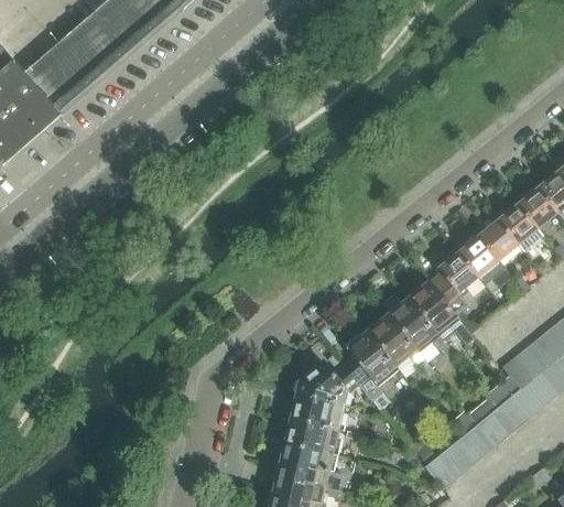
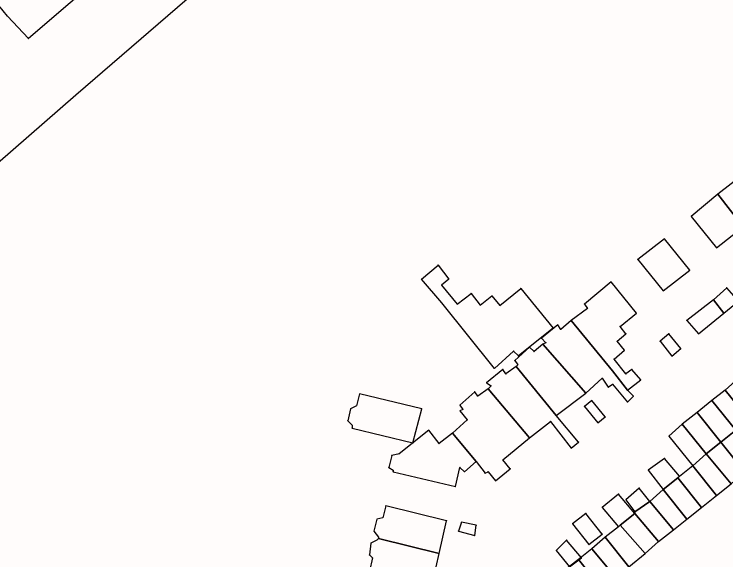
building: [498,204,542,250] -> none
building: [458,236,505,284] -> none
building: none -> [422,265,553,368]
building: [288,393,343,430] -> [348,394,422,443]

